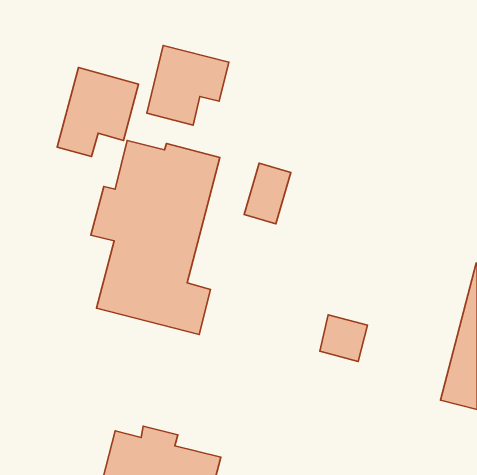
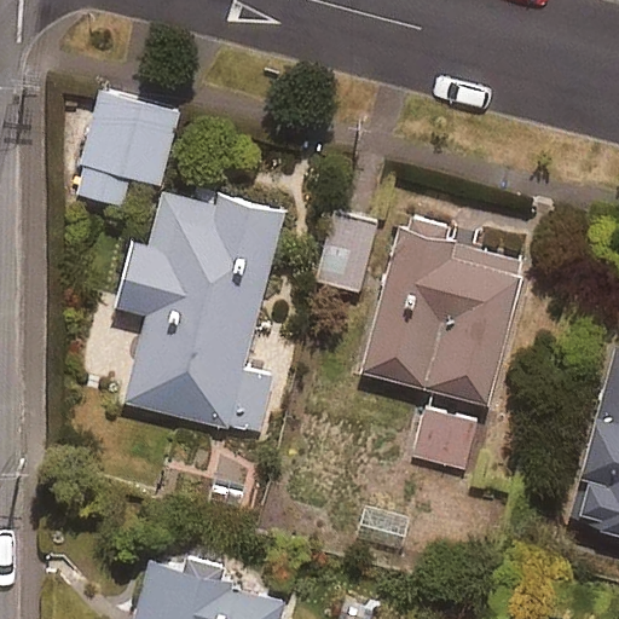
building: [147,46,229,125] -> none
building: none -> [363,216,526,406]

